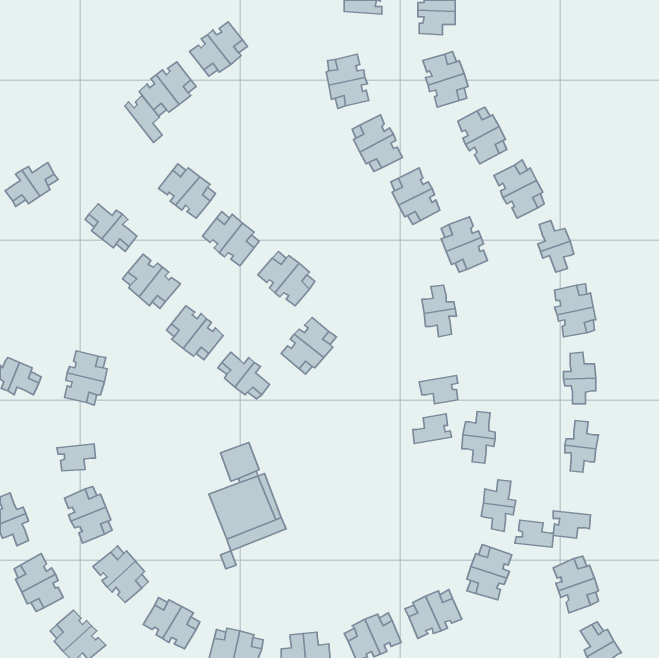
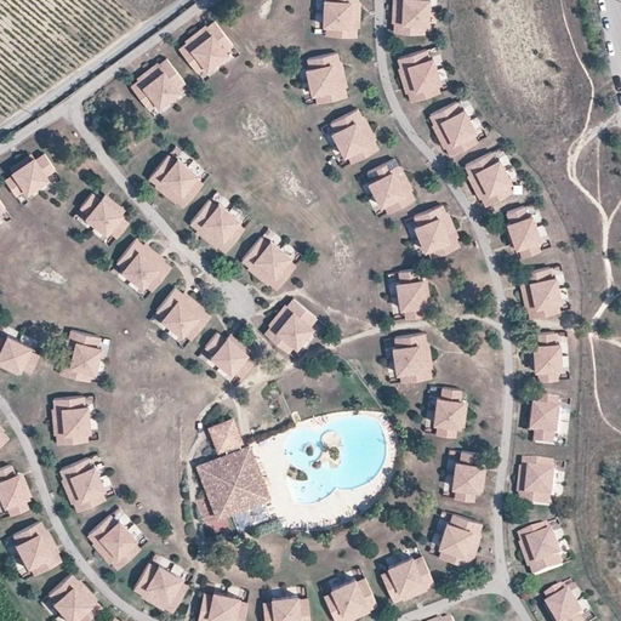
building: none -> [323,12,359,36]
building: [125,96,162,142] -> none
building: [413,414,451,444] -> [393,332,429,360]
building: none -> [53,397,89,422]
building: [515,520,553,547] -> [520,460,557,485]

